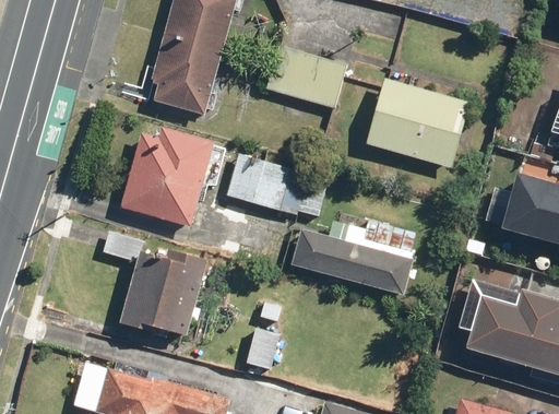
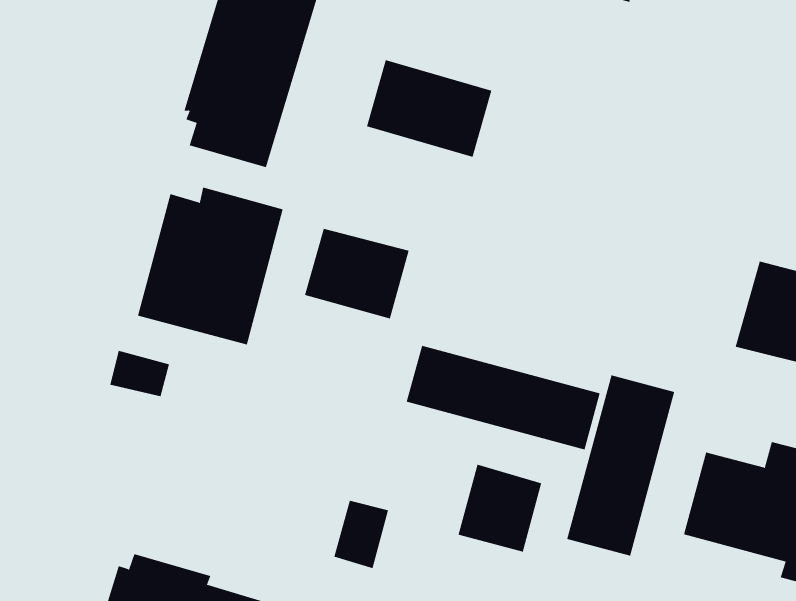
building: [367,79,471,169] -> none
building: none -> [567,374,675,556]
building: [120,249,210,336] -> none
building: none -> [458,464,542,553]

